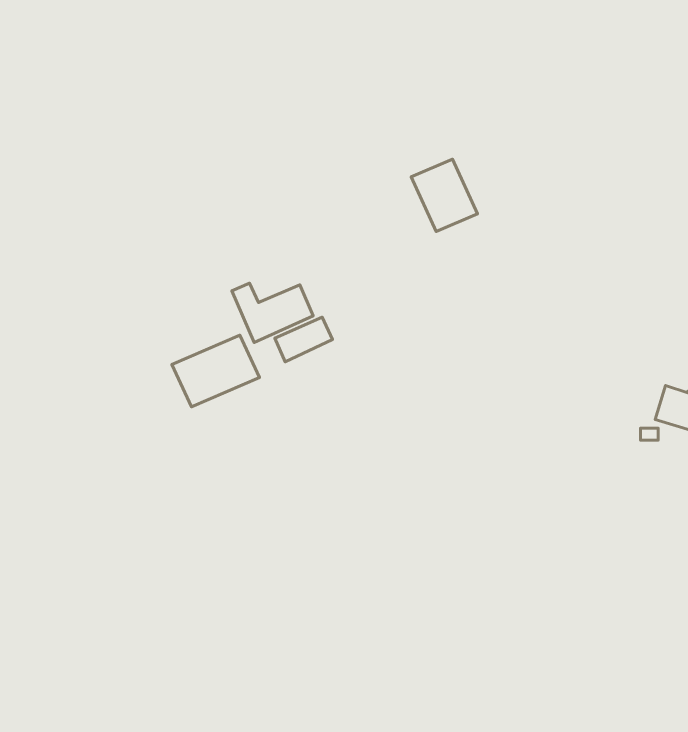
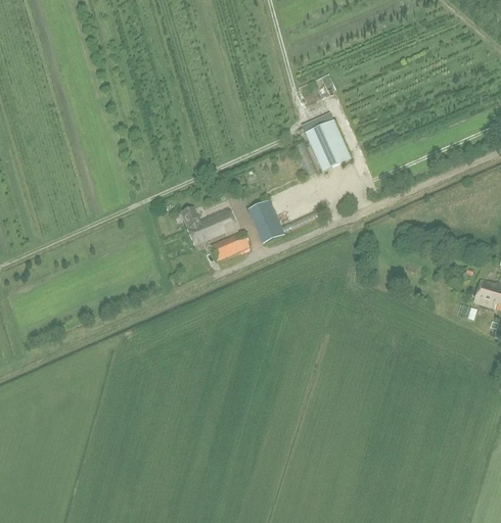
building: none -> [251,199,283,241]
building: [172,335,260,407] -> none

